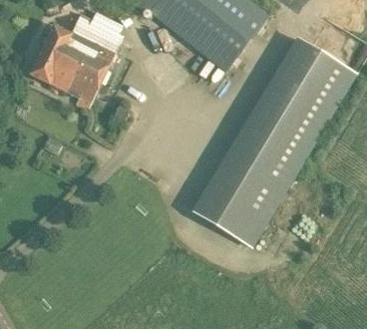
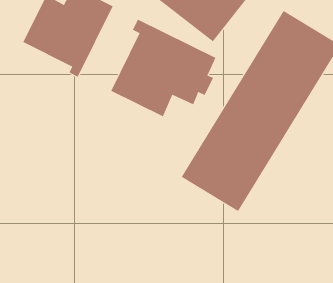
building: none -> [111,19,216,117]

